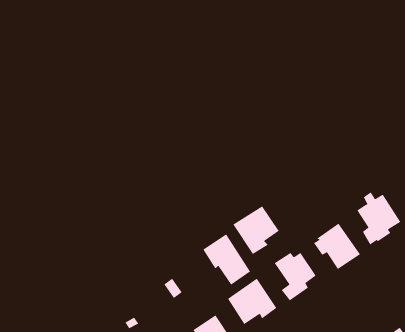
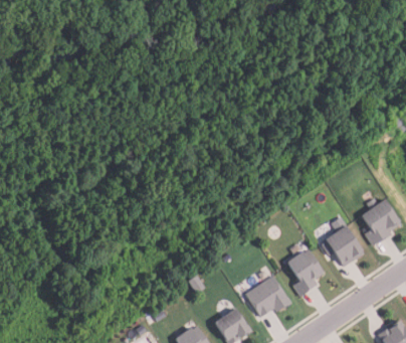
building: [233,206,280,255] -> none
building: [202,233,251,286] -> none

